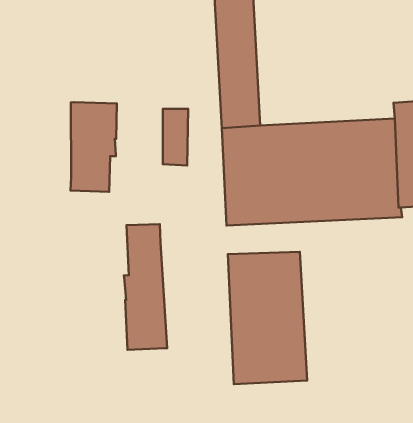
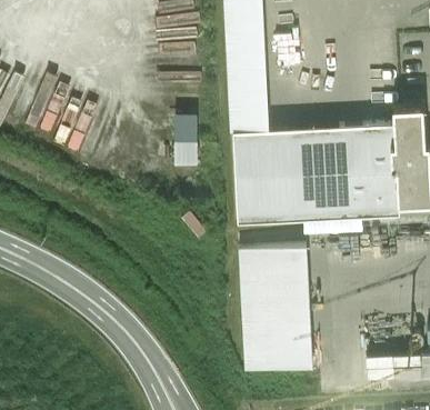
building: [70,102,117,192] -> none
building: [124,224,167,350] -> none

